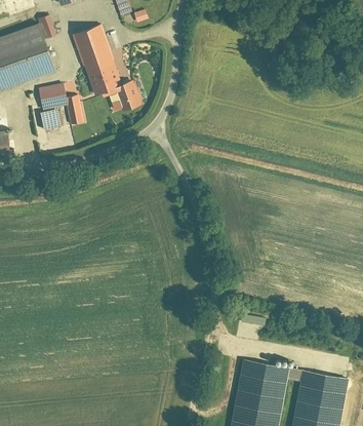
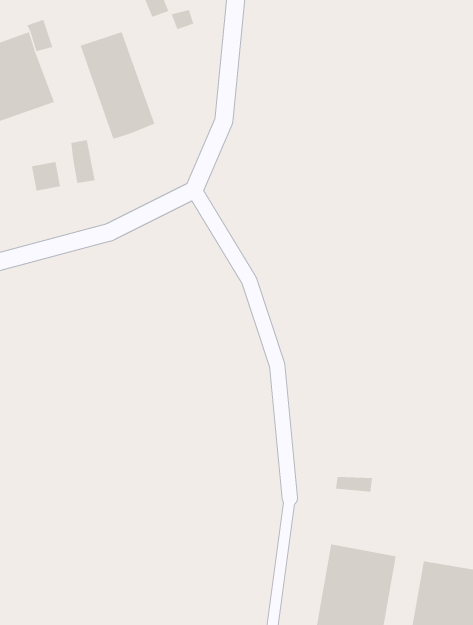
building: [111,81,145,110] -> none
building: [43,84,72,109] -> none

